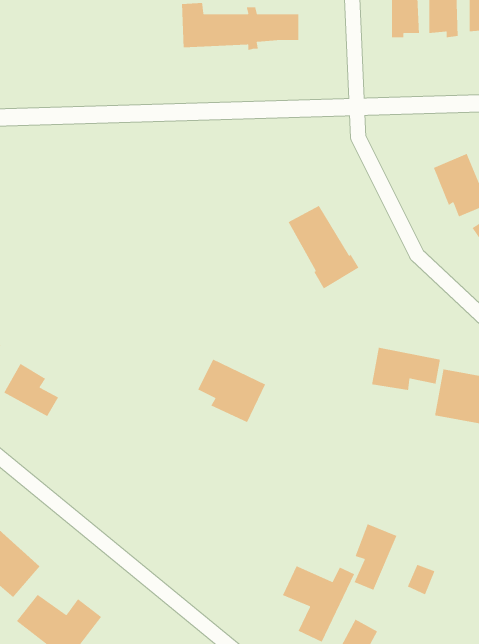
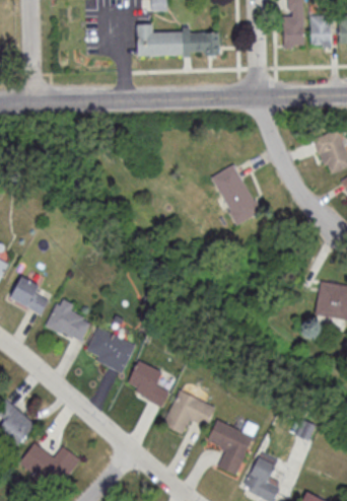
building: [371,347,441,391] -> none
building: [197,358,266,423] -> [87,328,136,373]
building: none -> [46,299,91,342]
building: none -> [129,361,169,407]
building: none -> [163,389,215,434]
building: [354,523,398,591] -> none

